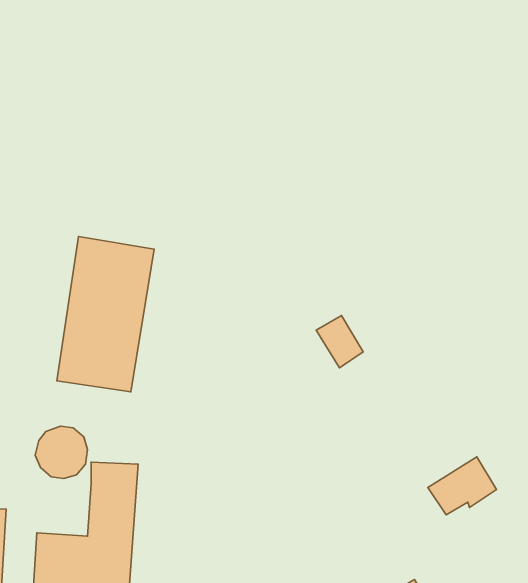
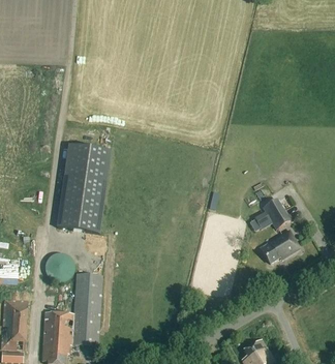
building: [316,316,363,368] -> [263,199,290,229]
building: [428,457,497,515] -> [260,230,299,263]

